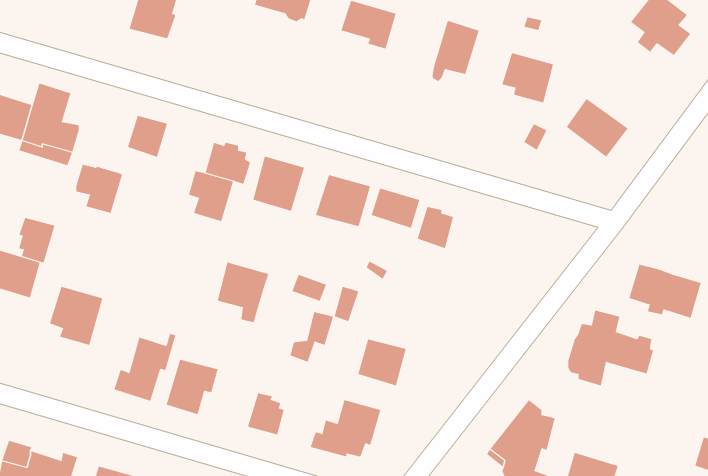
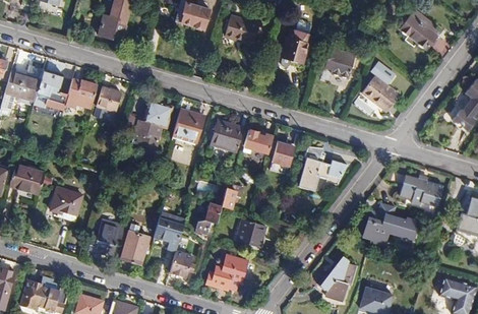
building: [75,164,123,213] -> [69,77,98,107]
building: none -> [299,145,348,188]
building: [19,217,55,263] -> none
building: [217,262,269,323] -> [154,212,185,249]

